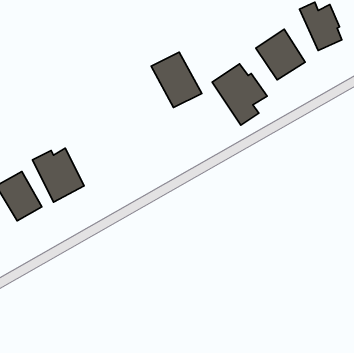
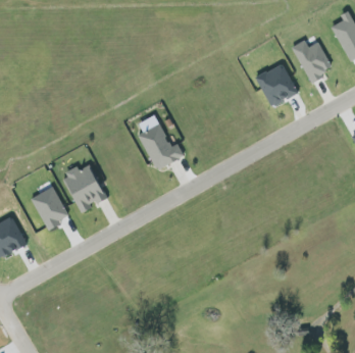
building: [151,52,202,107] -> [137,121,181,169]
building: [212,64,267,125] -> none

